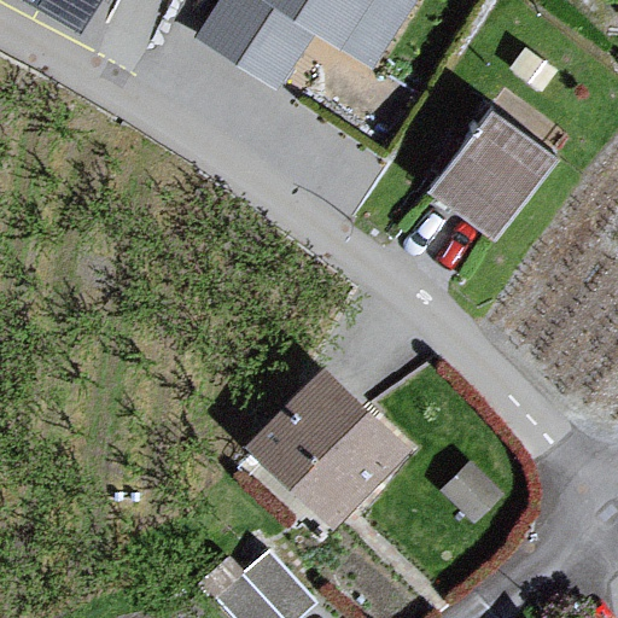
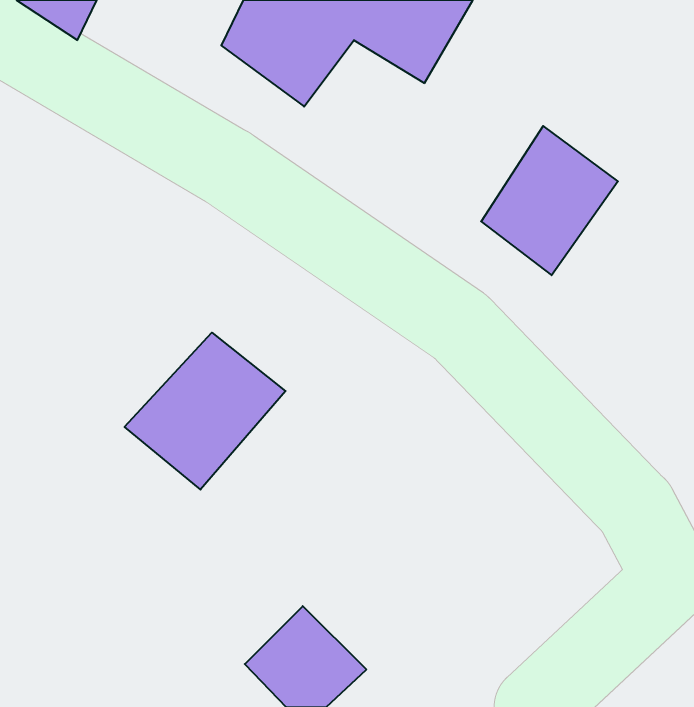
building: none -> [125,333,286,490]
building: [241,369,403,535] -> none

